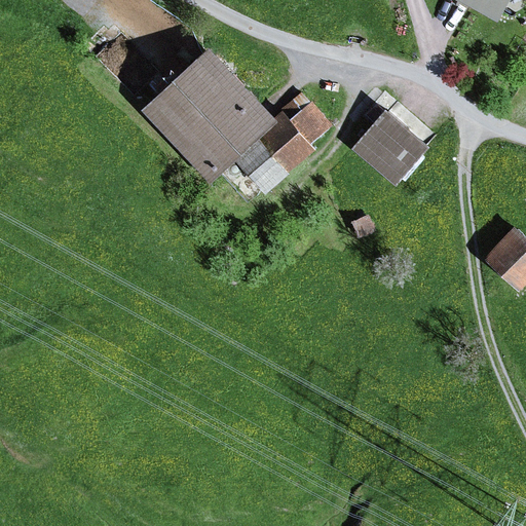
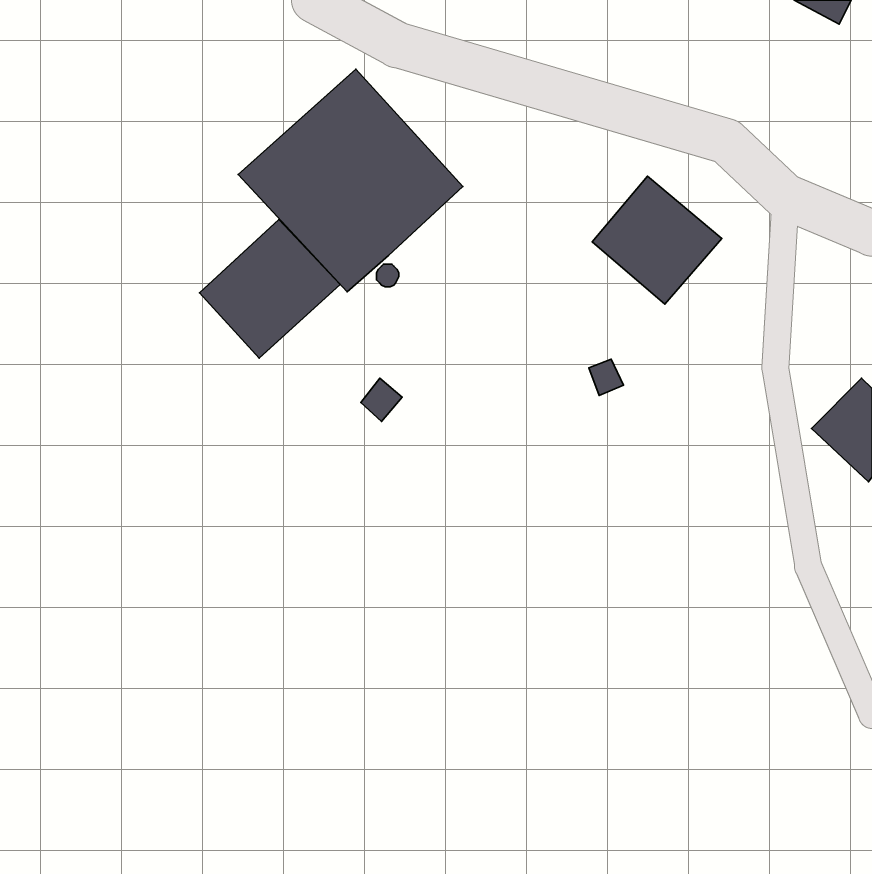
building: [231,96,327,194] -> none
building: none -> [200,219,340,358]

